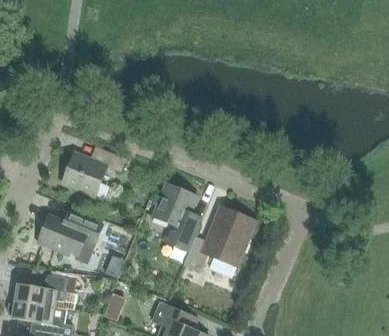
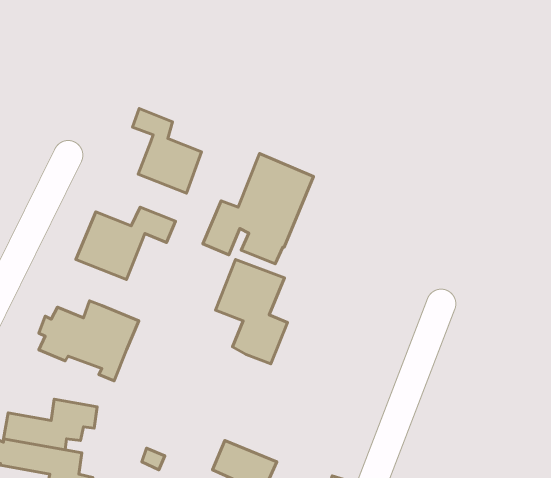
building: none -> [132,108,201,193]
building: [183,206,255,278] -> [203,153,313,264]

